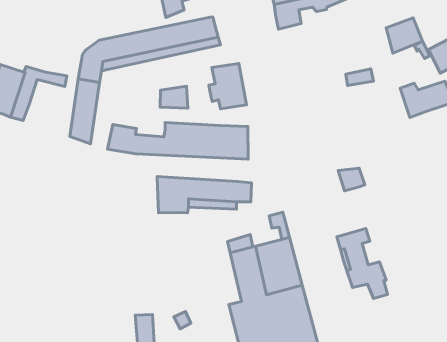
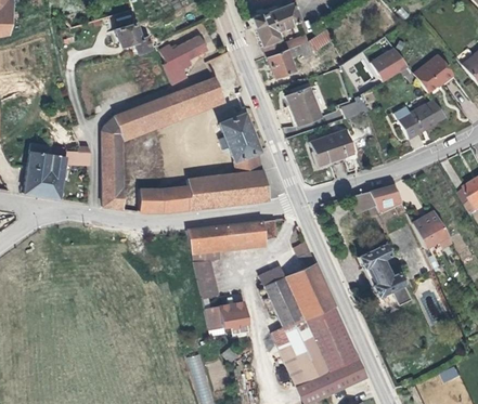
building: none -> [286,87,321,125]
building: [160,86,188,108] -> [234,151,261,173]
building: none -> [307,129,353,166]
building: none -> [367,185,402,214]
building: none -> [412,211,451,249]
building: none -> [194,258,218,297]
building: none -> [205,300,248,334]

